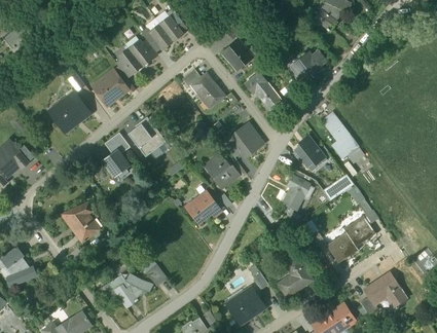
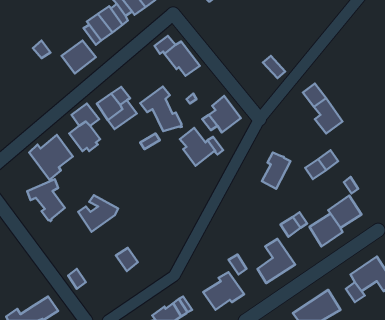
building: [225,40,252,69] -> none
building: [290,50,325,83] -> none
building: [245,73,281,109] -> none
building: [49,90,92,128] -> none
building: none -> [140,87,182,131]
building: [294,136,324,166] -> none
building: none -> [29,135,73,180]
building: [188,191,221,223] -> none
building: [115,271,152,305] -> [78,195,118,232]

